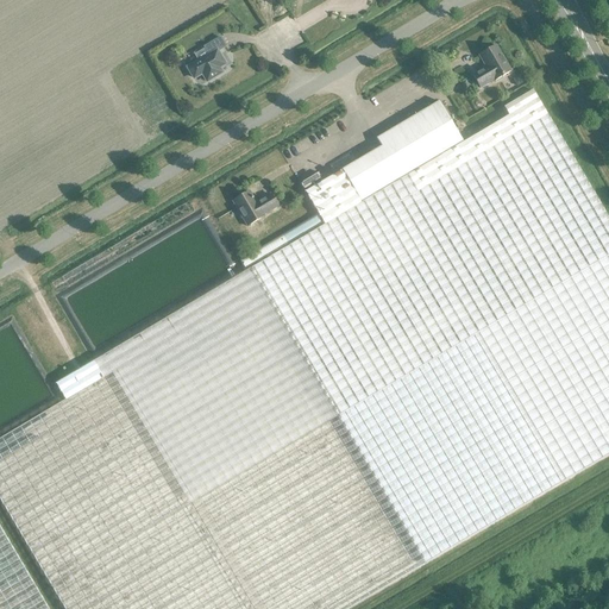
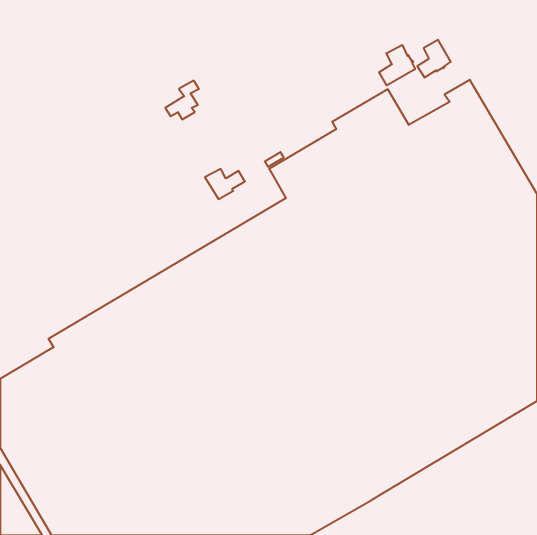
building: [188,37,226,81] -> [165,81,199,119]
building: none -> [379,45,415,85]

